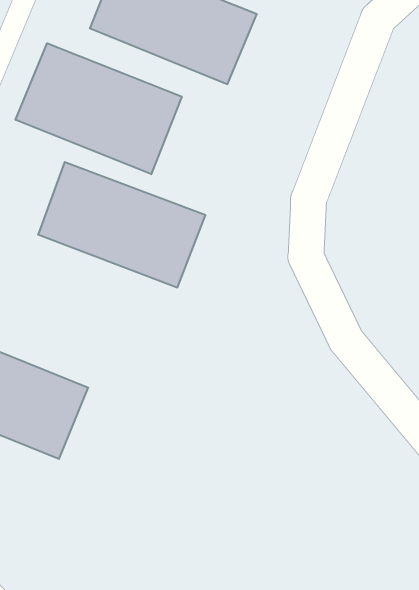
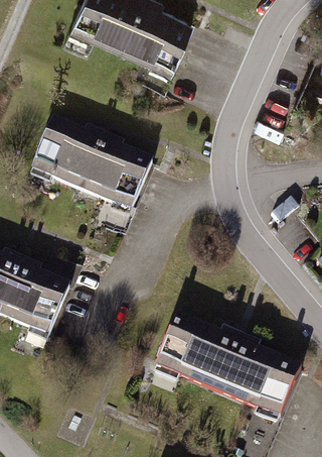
building: [16,43,182,174] -> none
building: none -> [159,315,300,412]

